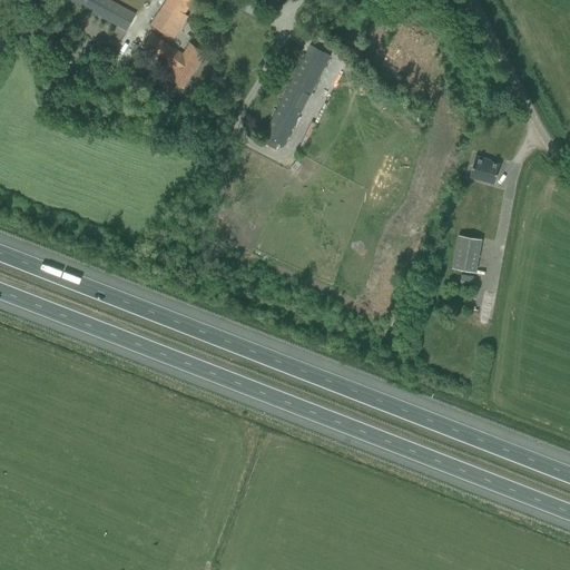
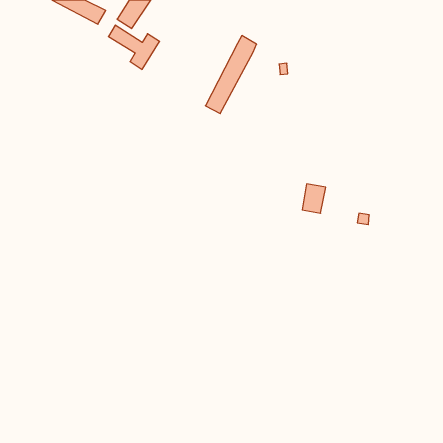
building: [470,156,499,184] -> none
building: [452,235,482,273] -> [302,184,326,213]

